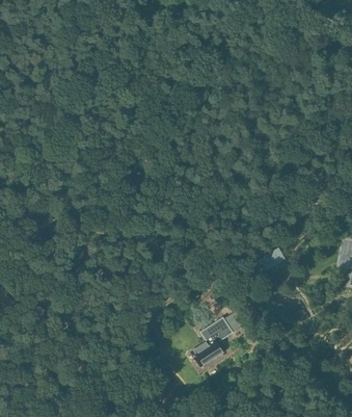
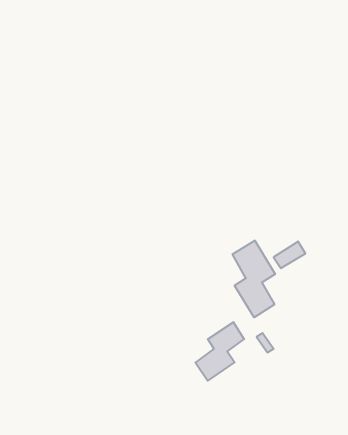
building: none -> [233,240,275,317]

